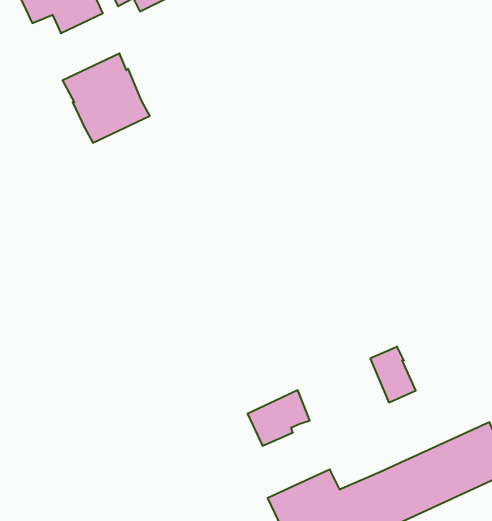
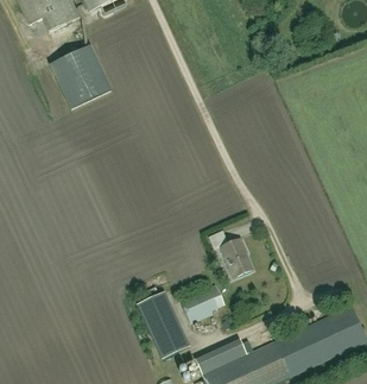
building: [370,347,416,402] -> [221,237,253,276]
building: none -> [138,290,190,358]

